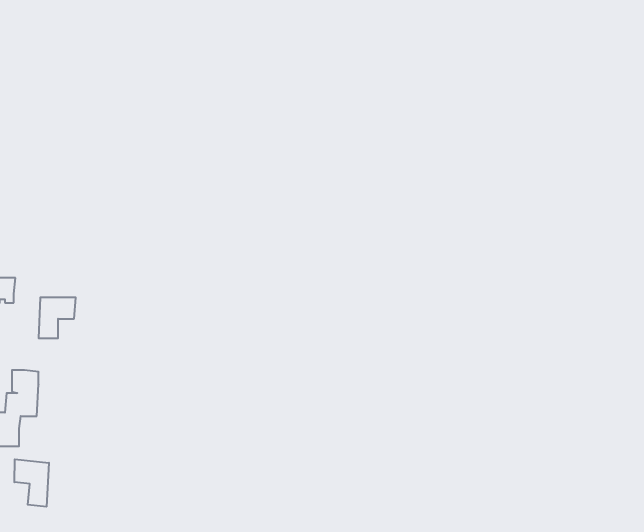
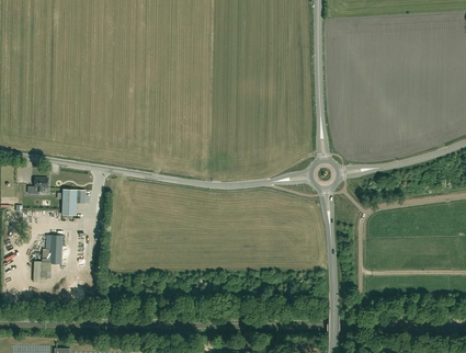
building: [14,459,49,507] -> none

